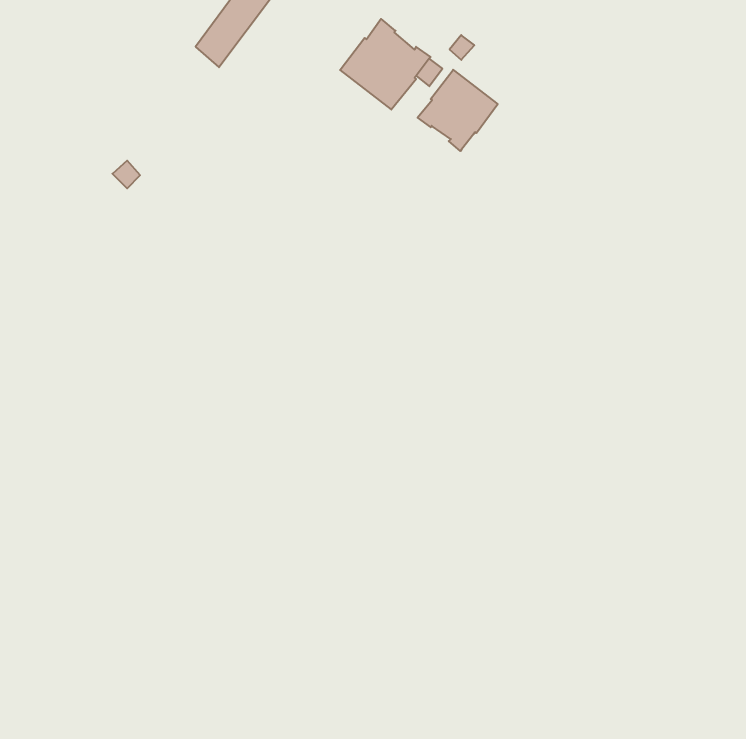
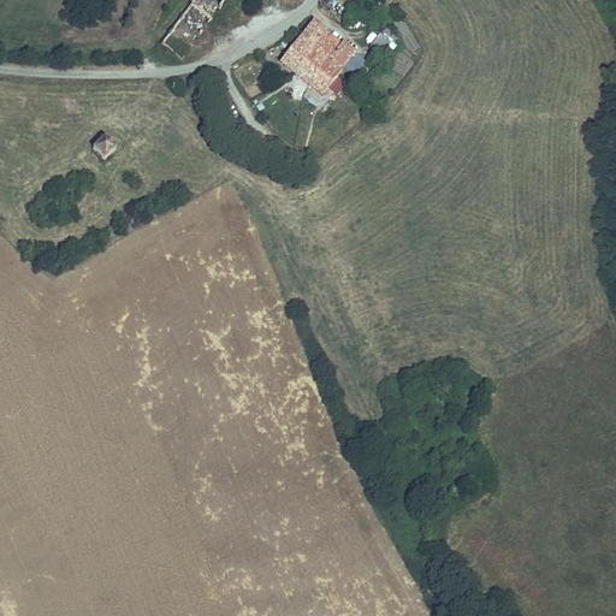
building: [418,70,498,151] -> none

